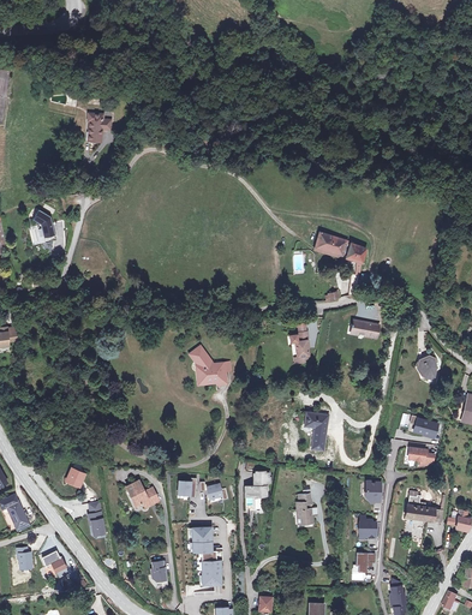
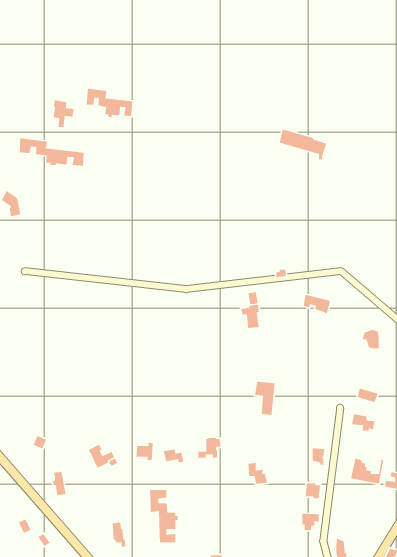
building: none -> [86,88,133,118]
building: none -> [19,138,85,167]
building: [313,232,365,265] -> [279,129,327,160]
building: [189,347,225,384] -> none

